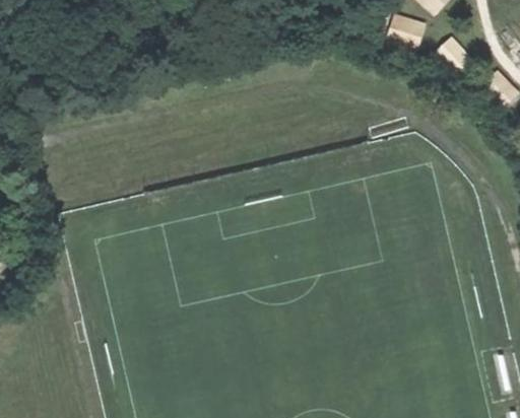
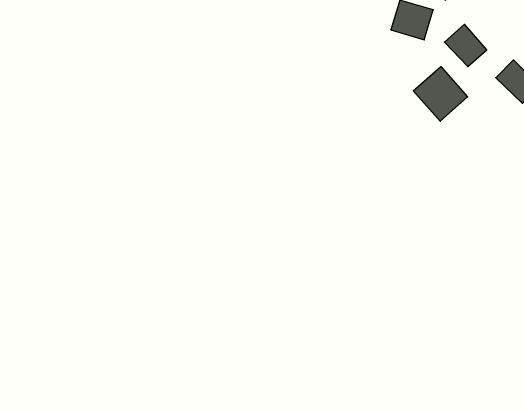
building: none -> [413,67,468,121]

